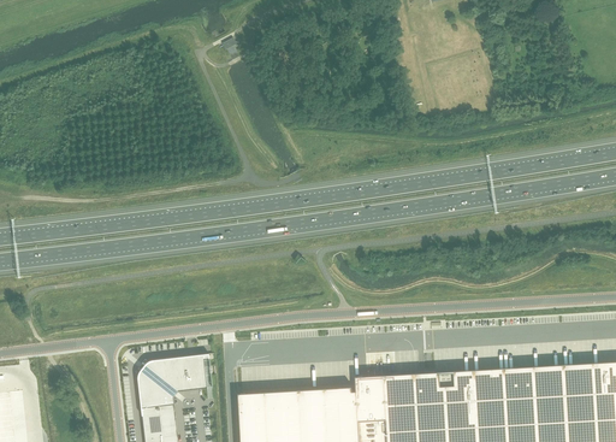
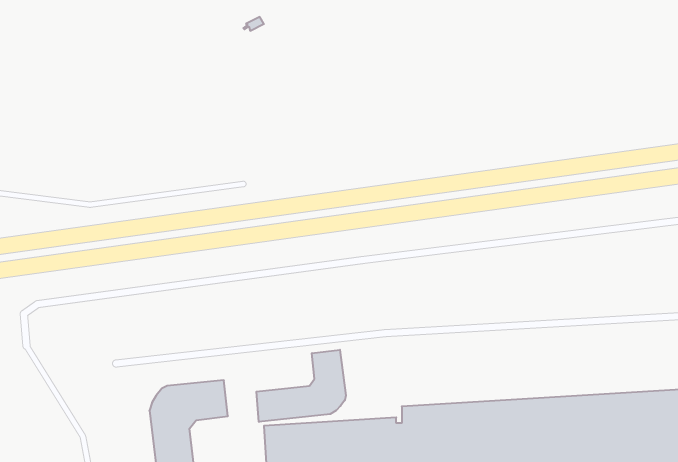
building: none -> [256,350,346,422]

